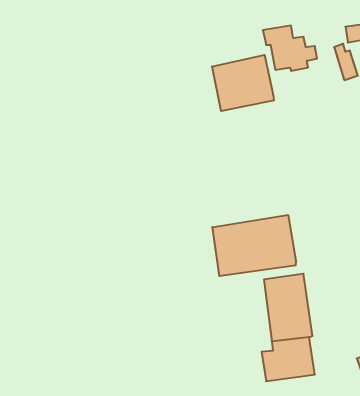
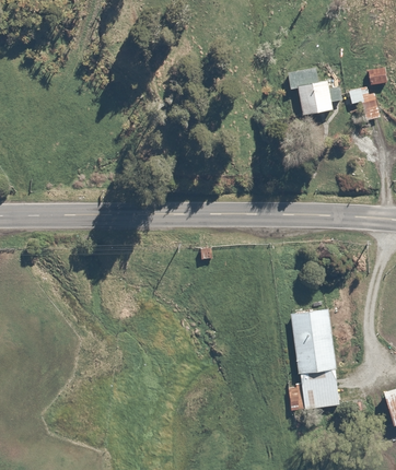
building: [212,55,274,111] -> none
building: [212,215,296,276] -> none

